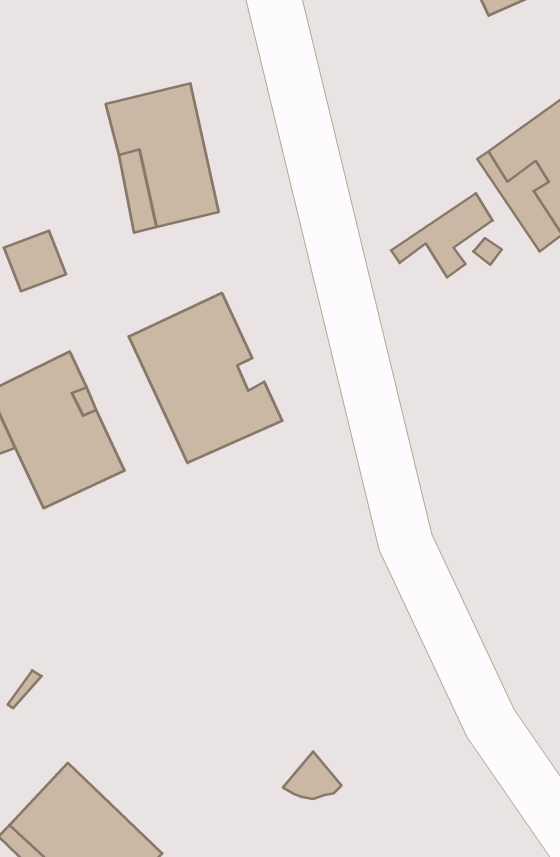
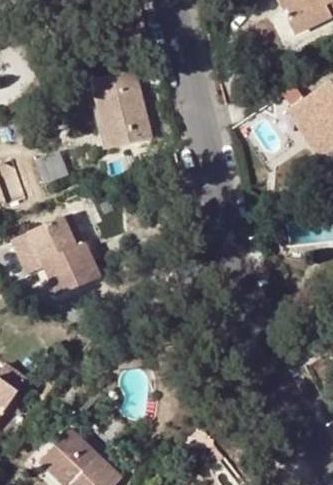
building: [391,193,493,277] -> none
building: [129,293,282,463] -> none

